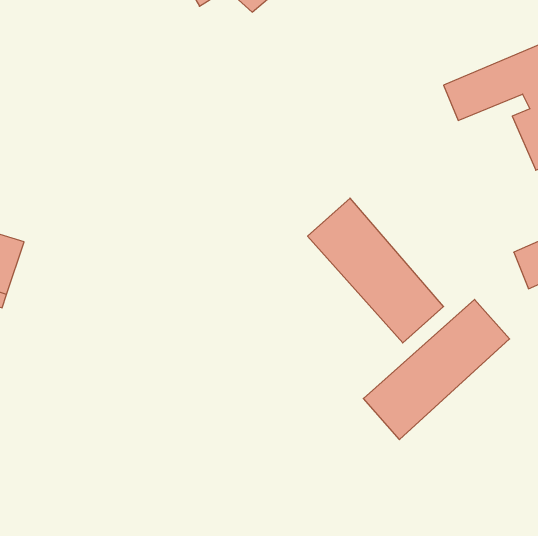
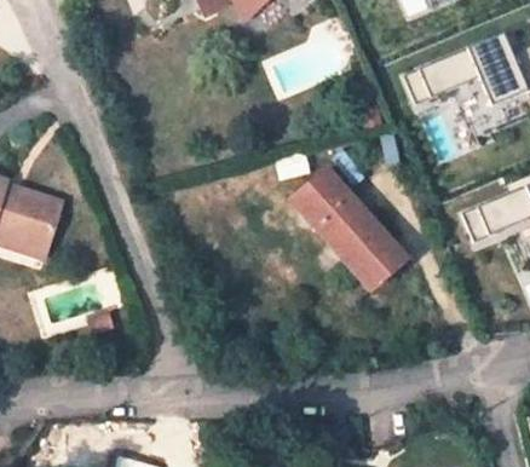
building: [363,299,510,440] -> none

